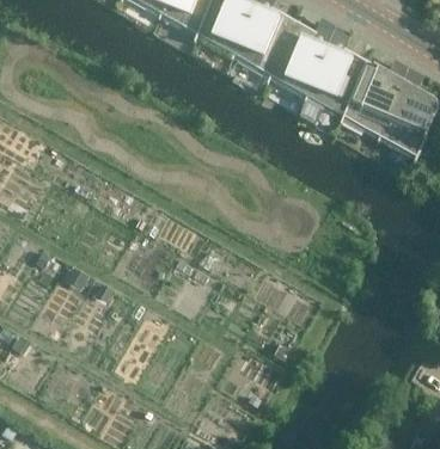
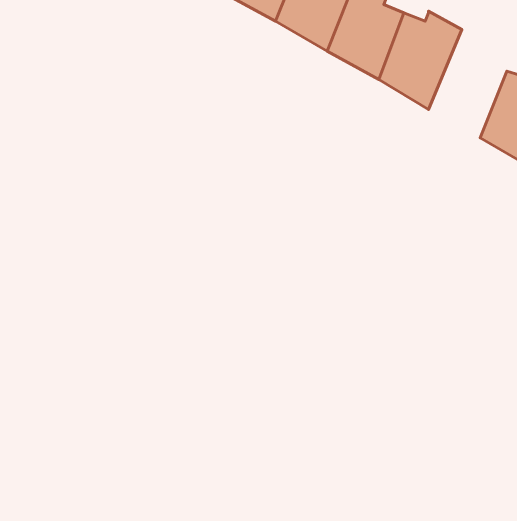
building: [342,60,398,137] -> none

